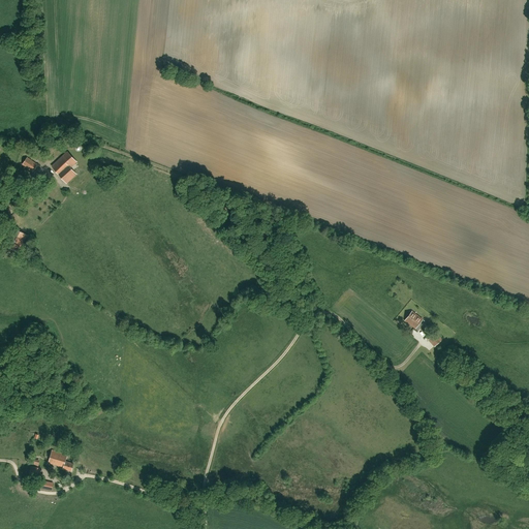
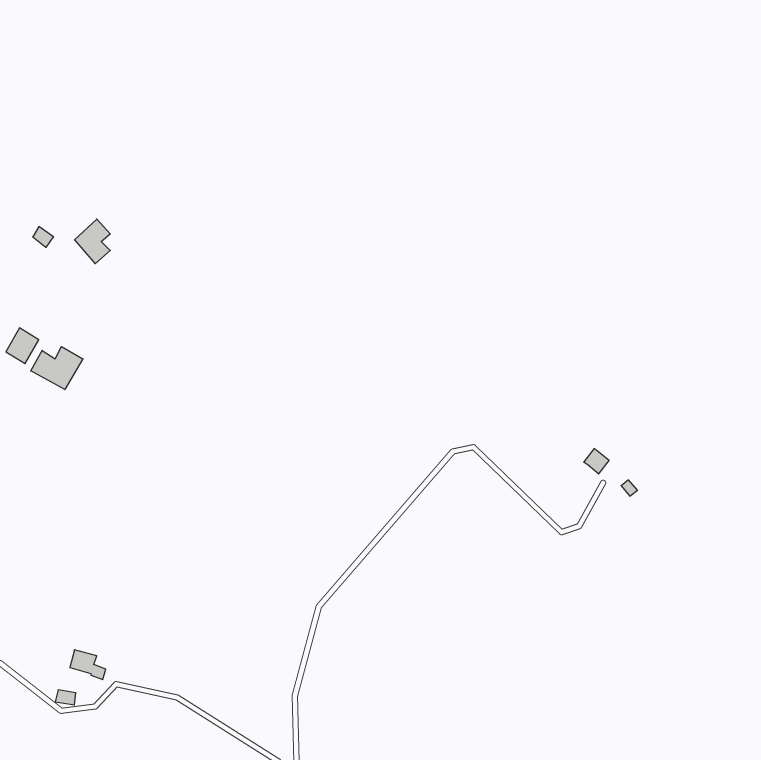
building: none -> [31,347,83,390]

